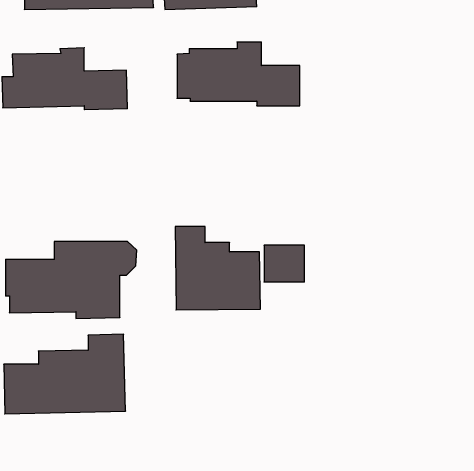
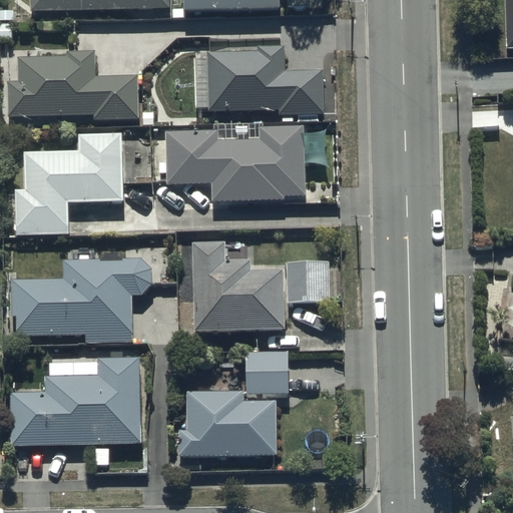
building: none -> [166,125,304,200]
building: none -> [13,133,122,234]
building: none -> [179,352,289,455]

